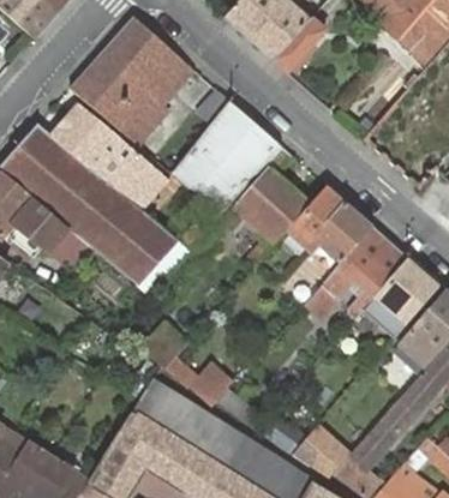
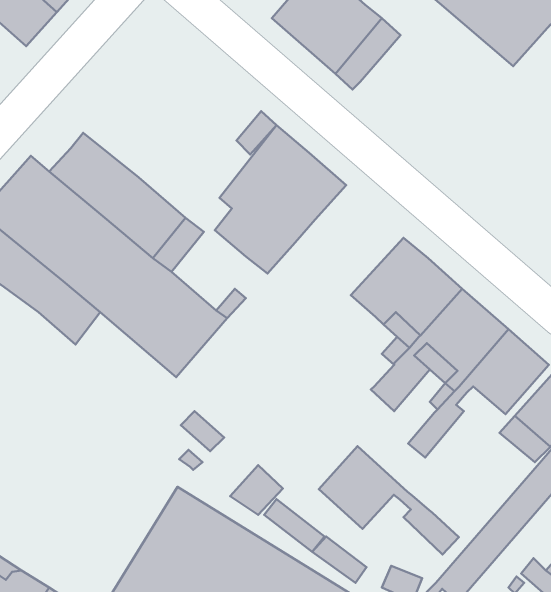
building: [70,16,188,144] -> none
building: [223,168,310,242] -> none
building: none -> [319,446,459,554]

